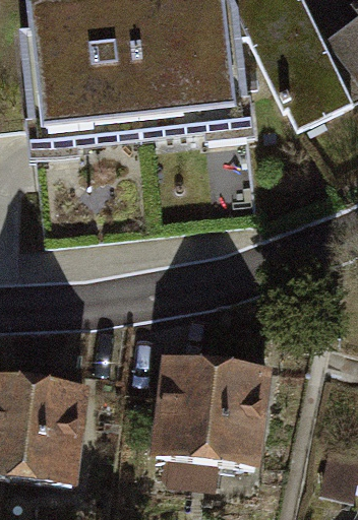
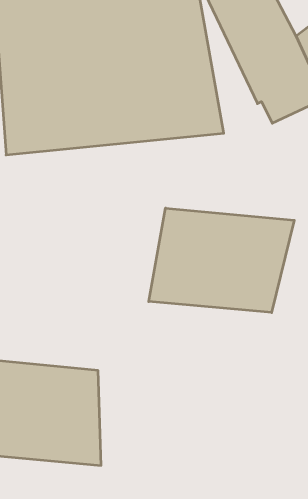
building: none -> [149,208,294,313]
building: [174,354,295,463] -> none

